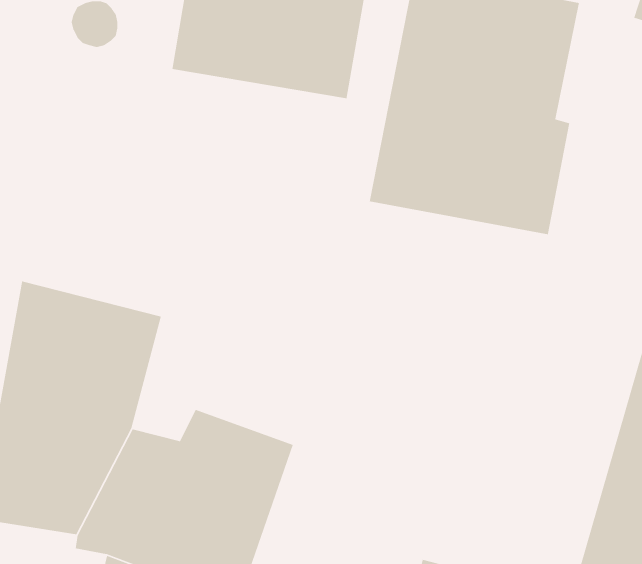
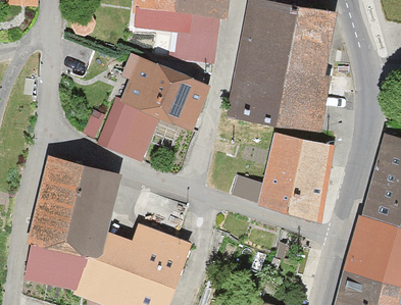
building: none -> [101,55,209,156]
building: none -> [234,133,337,221]

